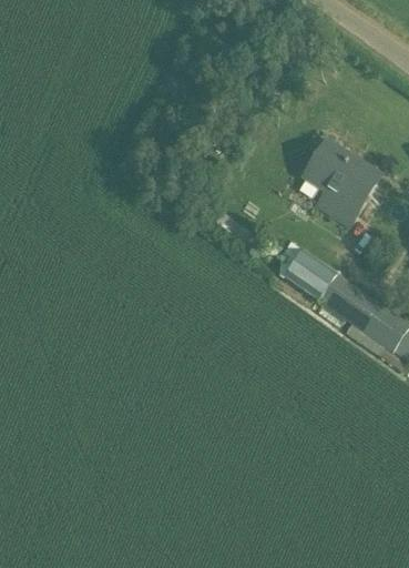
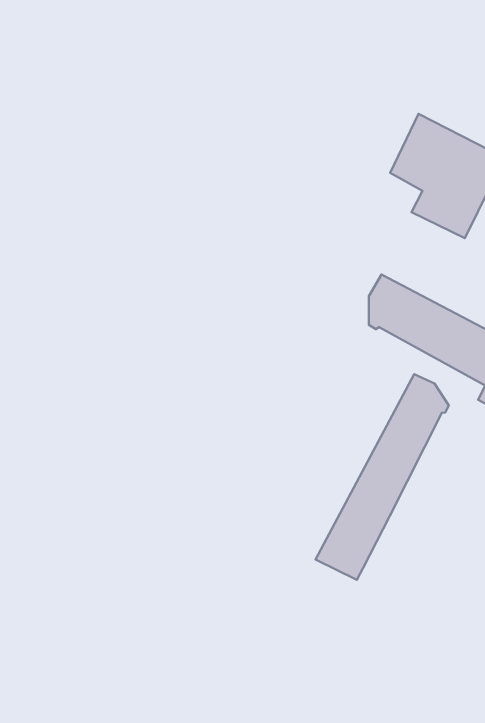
building: none -> [316,374,449,580]

